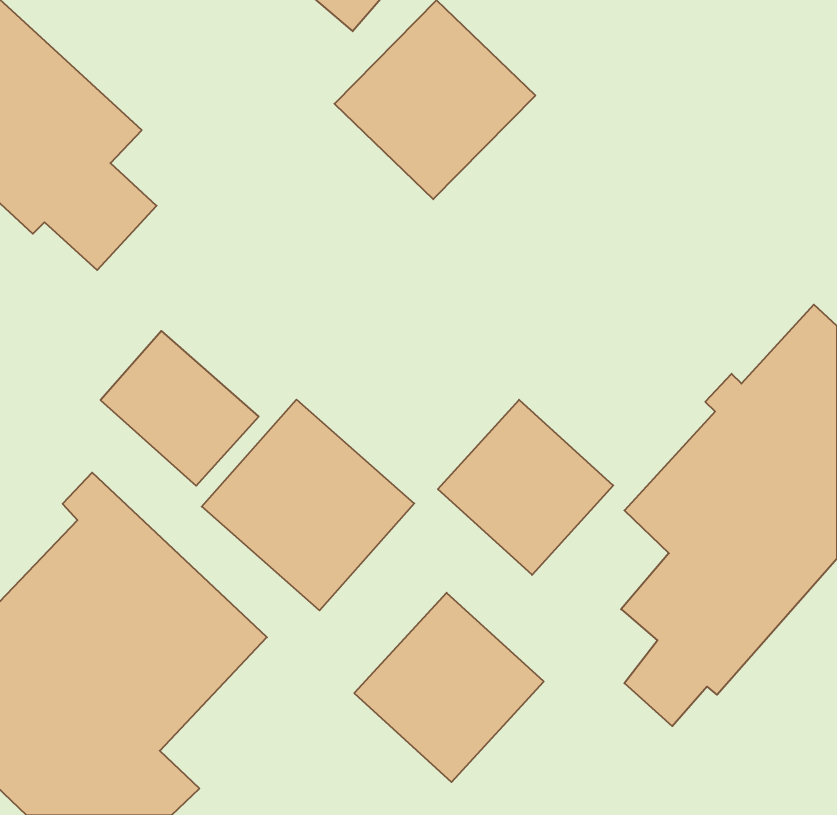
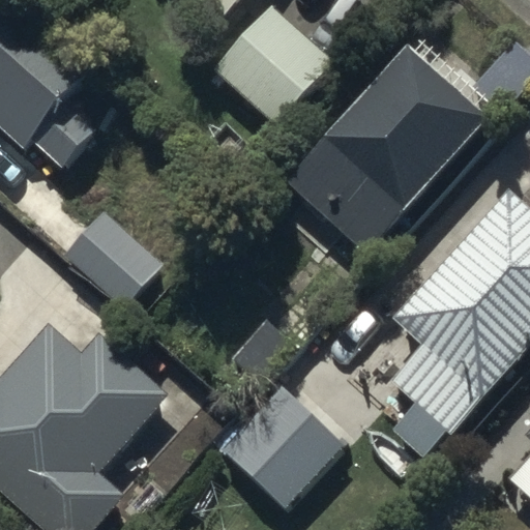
building: none -> [287,50,489,258]
building: [202,400,414,610] -> none
building: [438,400,613,575] -> none

